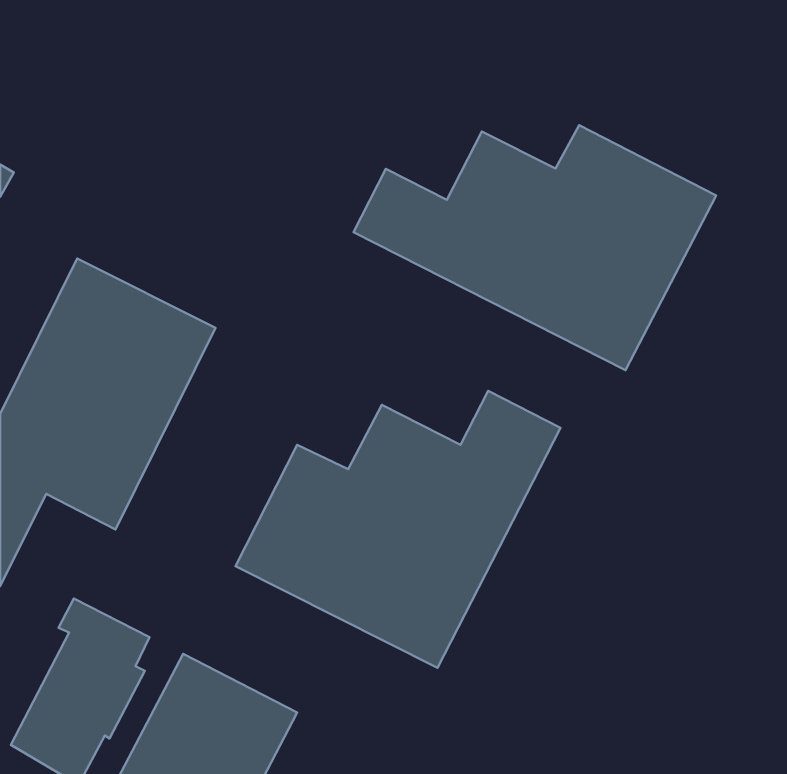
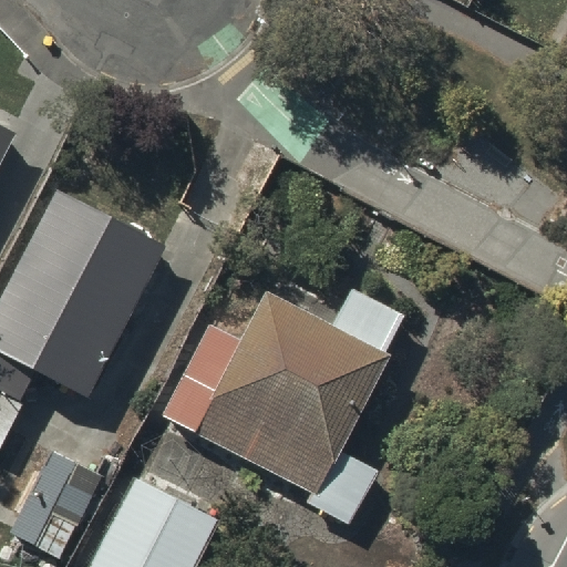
building: [354,125,716,370] -> none

